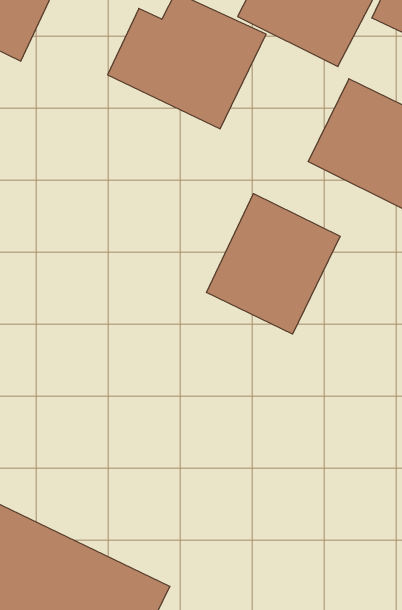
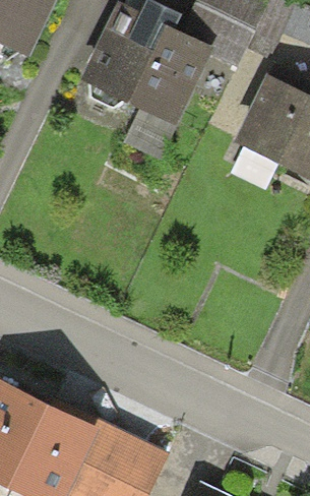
building: [207,194,340,334] -> none

